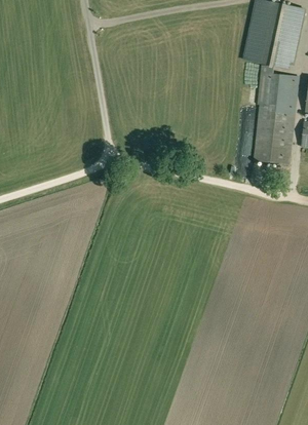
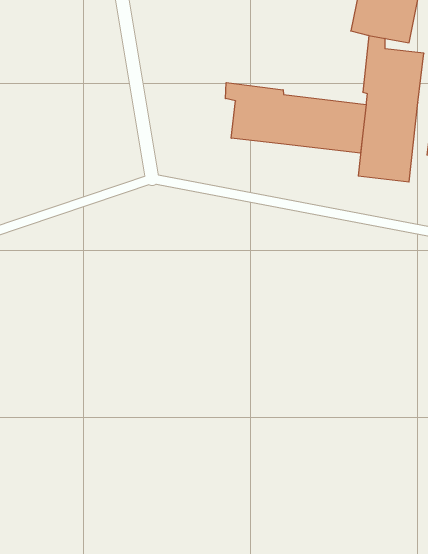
building: none -> [225,83,366,153]

